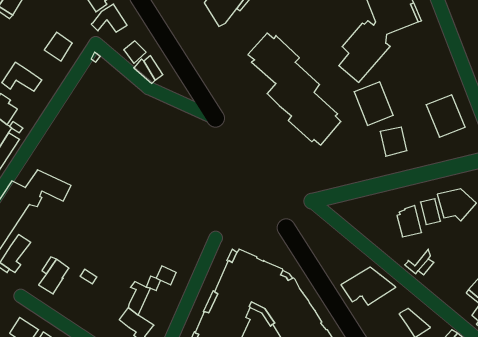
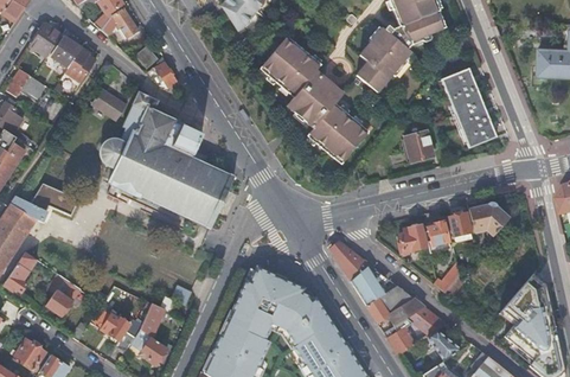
building: none -> [30,25,62,57]
building: none -> [65,49,95,83]
building: none -> [91,89,124,120]
building: [354,82,393,125] -> [441,68,482,114]
building: none -> [100,91,235,230]
building: none -> [398,225,425,253]
building: none -> [328,241,396,305]
building: none -> [90,306,141,352]
building: none -> [386,307,446,354]

